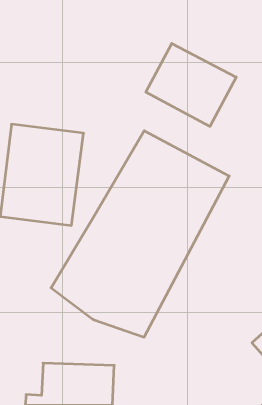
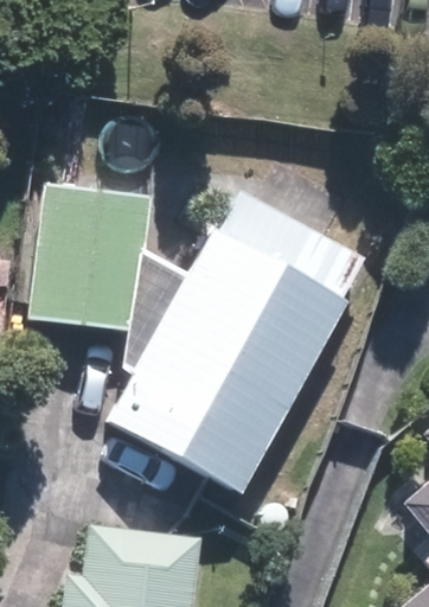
building: [146,43,236,126] -> none

